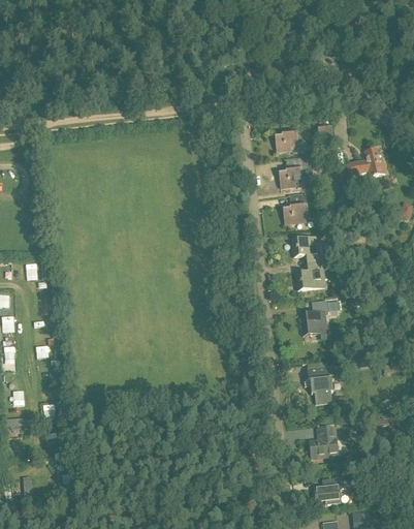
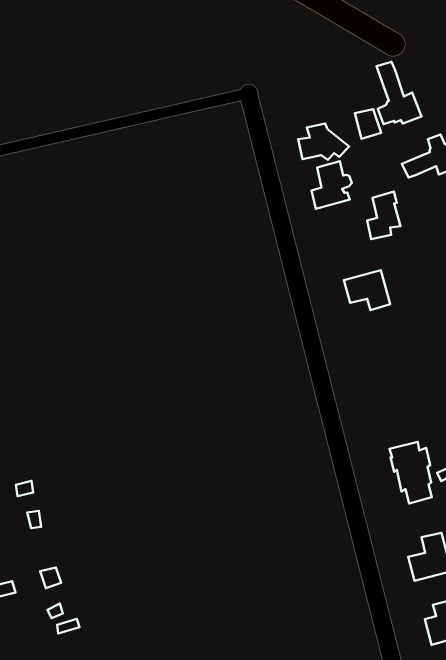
building: none -> [377,62,422,124]
building: [283,193,306,224] -> [367,192,400,239]
building: [296,262,324,291] -> none
building: [300,301,330,339] -> none

